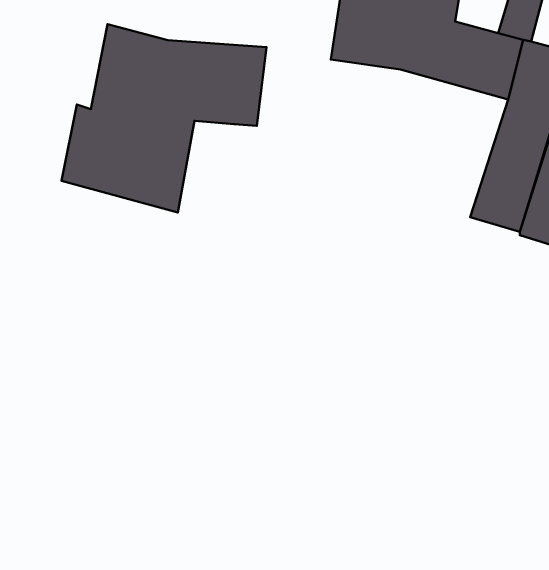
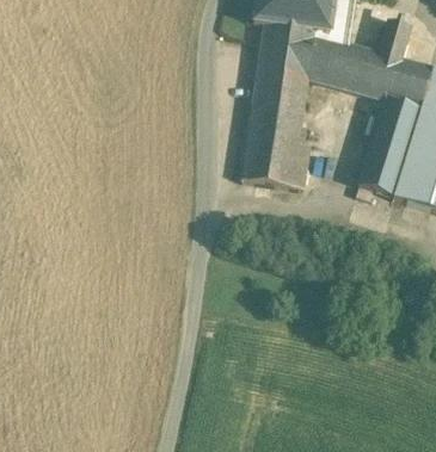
building: [62,24,267,213] -> none
building: none -> [244,70,312,188]

